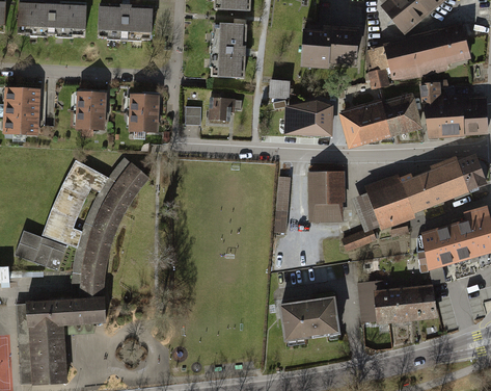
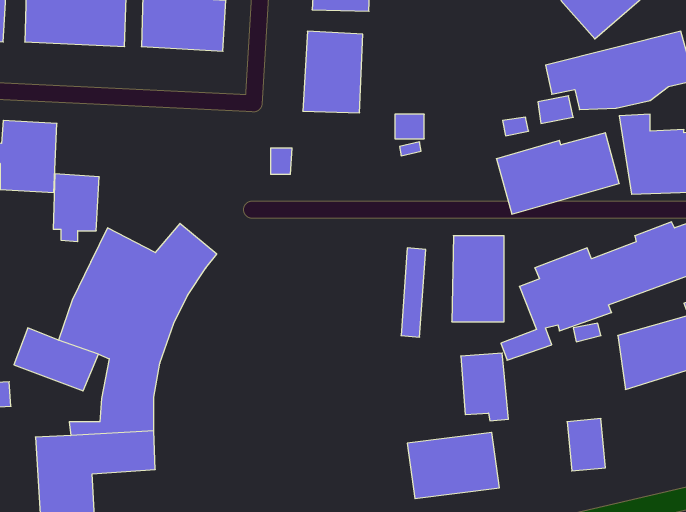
building: [299,25,360,70] -> none
building: [76,92,107,137] -> [53,174,99,242]
building: [126,97,158,135] -> none
building: [207,100,234,126] -> none
building: [296,105,331,138] -> none
building: [356,279,388,324] -> [461,353,508,421]
building: [408,286,435,321] -> none

